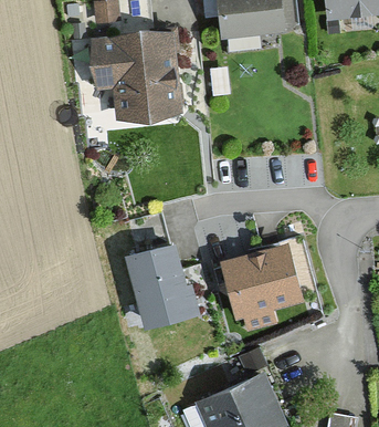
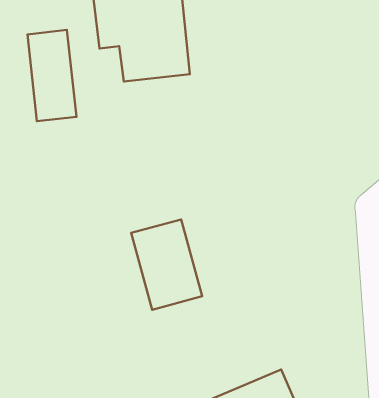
building: none -> [27,30,76,121]
building: [224,246,298,331] -> none

